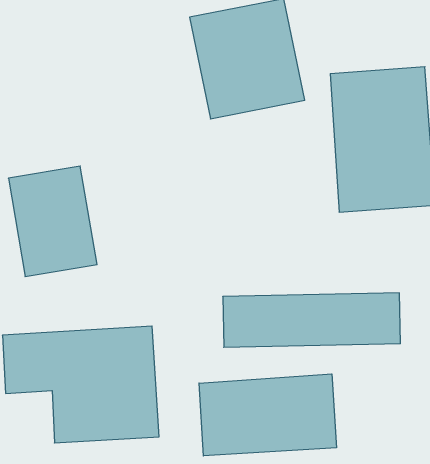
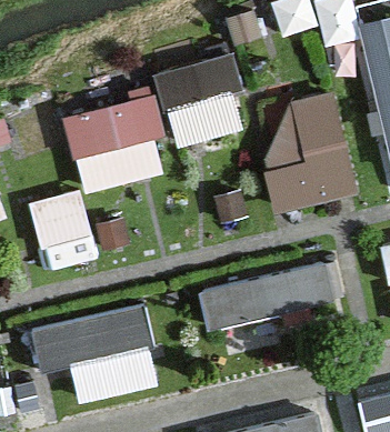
building: none -> [60,87,171,192]
building: [199,374,336,456] -> none

